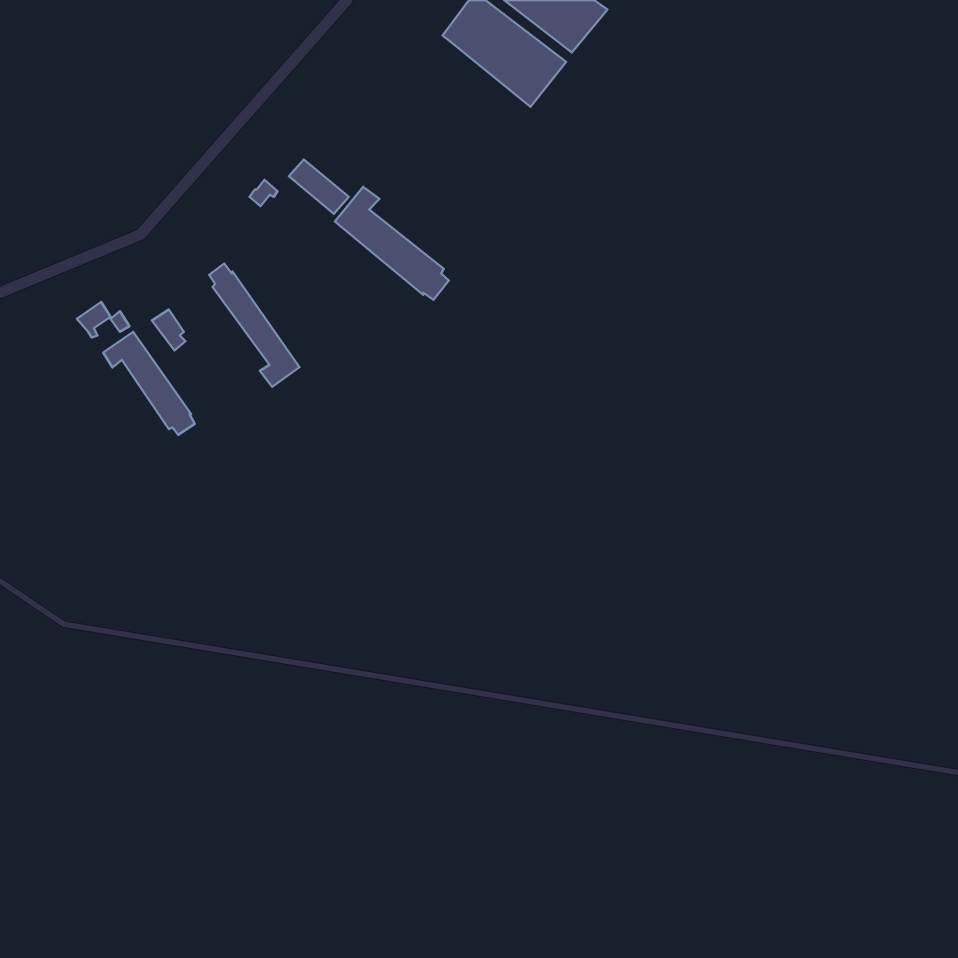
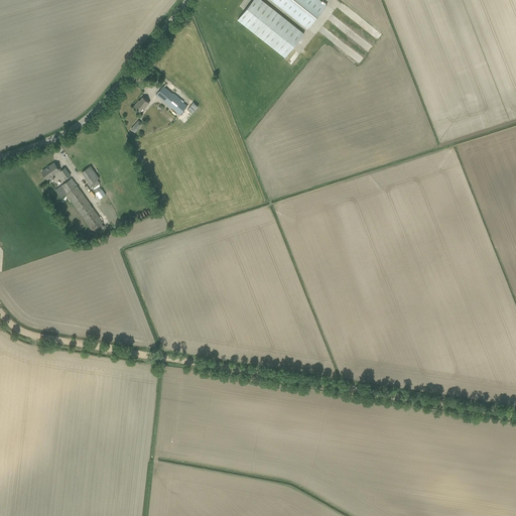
building: [335,187,449,300] -> none
building: [209,264,300,387] -> none

